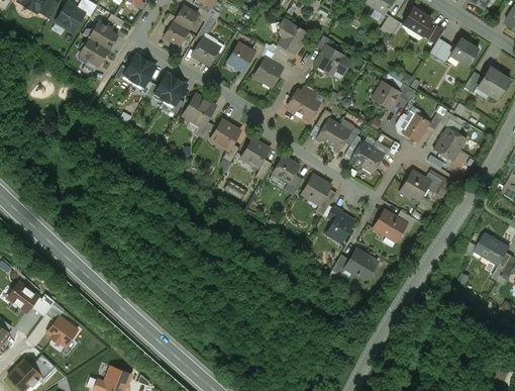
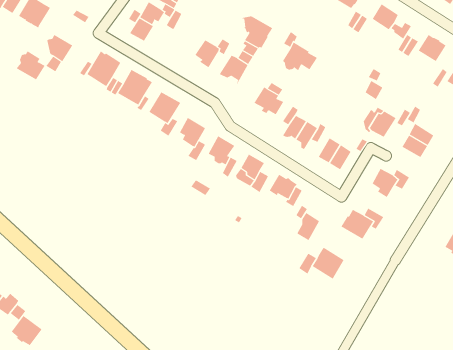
building: [88,19,117,48] -> [16,51,46,80]
building: [192,36,217,65] -> none
building: [376,81,399,109] -> none

